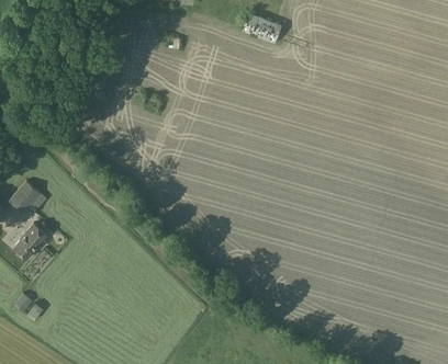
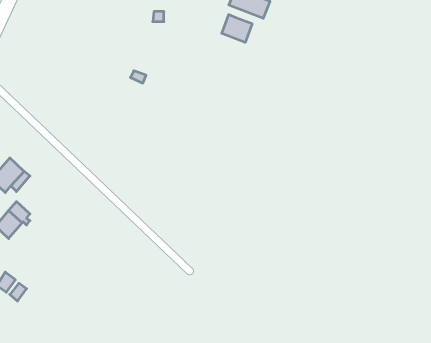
building: none -> [222,15,252,42]

